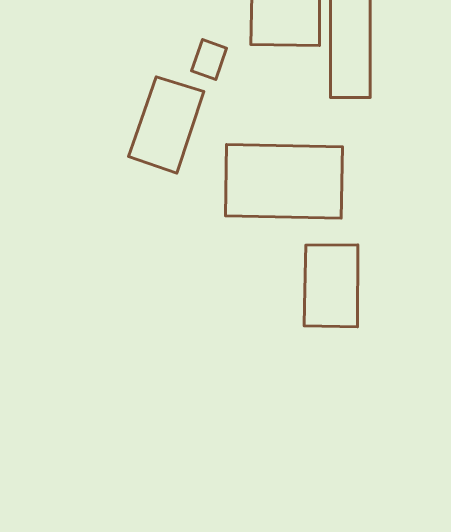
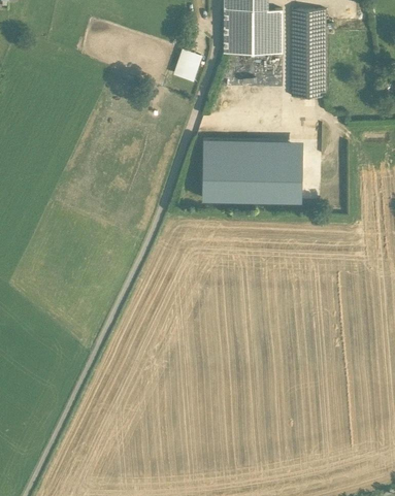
building: [129,77,204,173] -> none
building: [304,245,358,327] -> none

